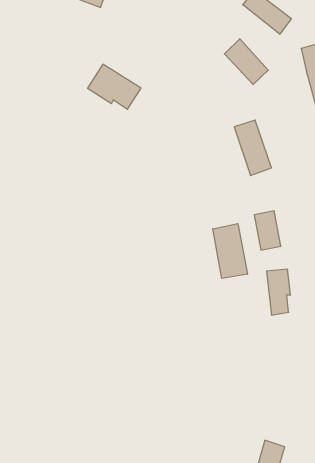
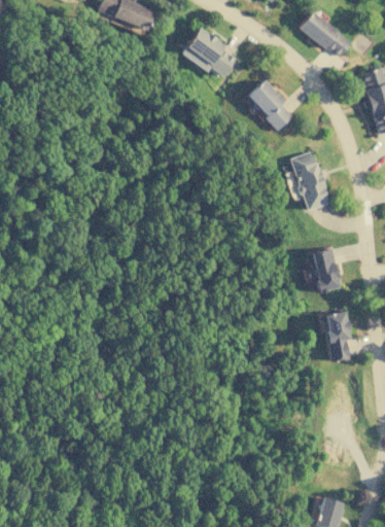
building: [224,39,268,85] -> [247,79,294,129]
building: [88,64,141,109] -> [180,28,238,76]
building: [213,224,247,278] -> none

